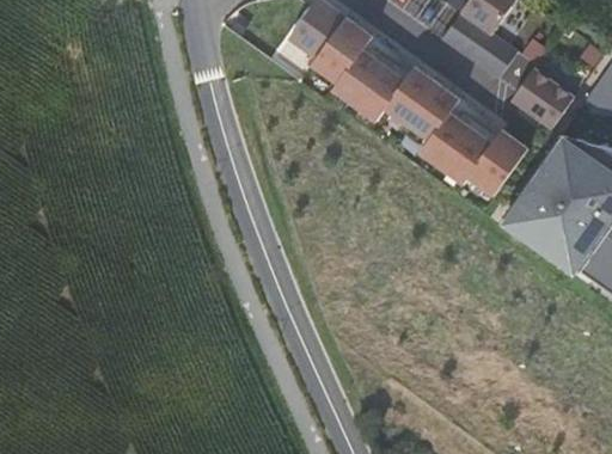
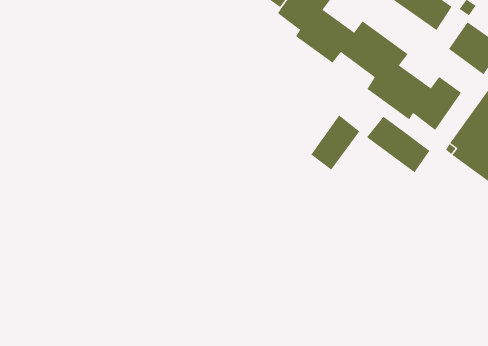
building: none -> [311,114,360,170]
building: none -> [366,116,431,173]

